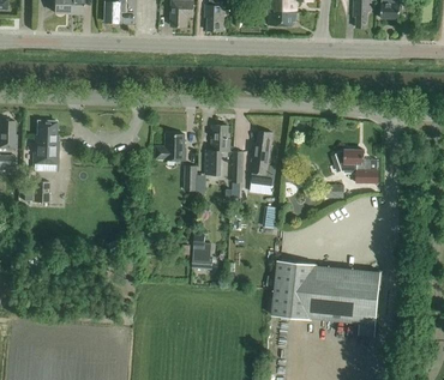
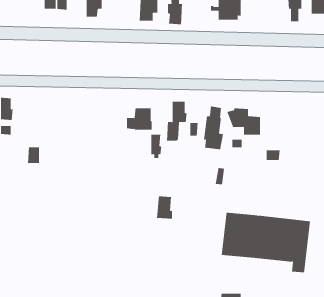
building: [32,121,59,164] -> none
building: [336,149,378,182] -> [227,108,261,135]

